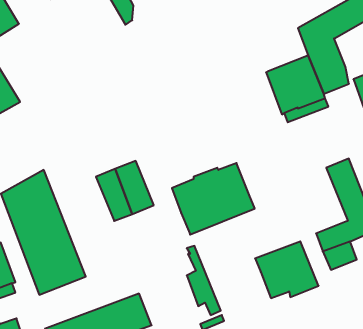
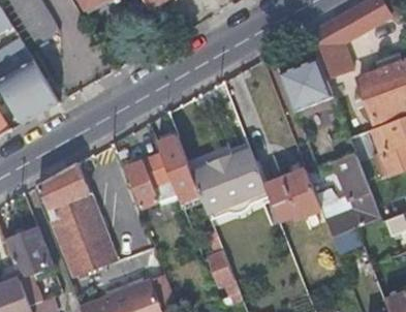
building: none -> [158,134,204,209]
building: [255,241,319,298] -> [266,168,323,220]

